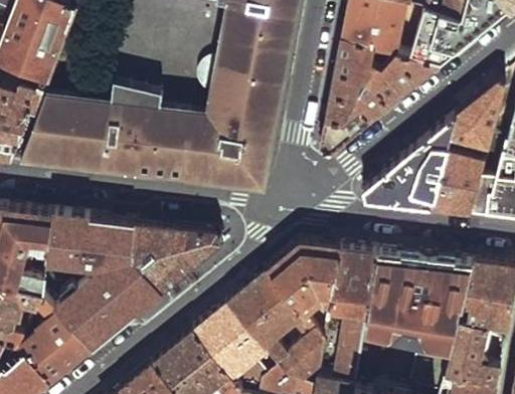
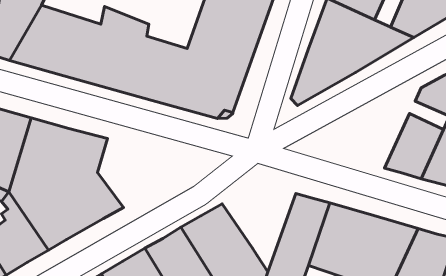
building: [364,118,456,208] -> none
building: [131,223,221,292] -> none
building: [267,245,342,336] -> none

